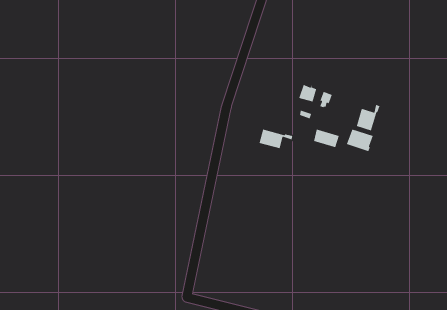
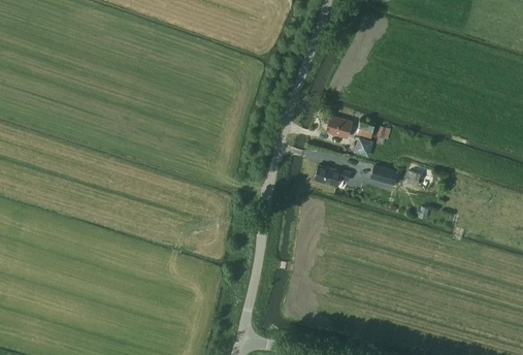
building: none -> [325,116,352,138]
building: [356,104,381,131] -> none

